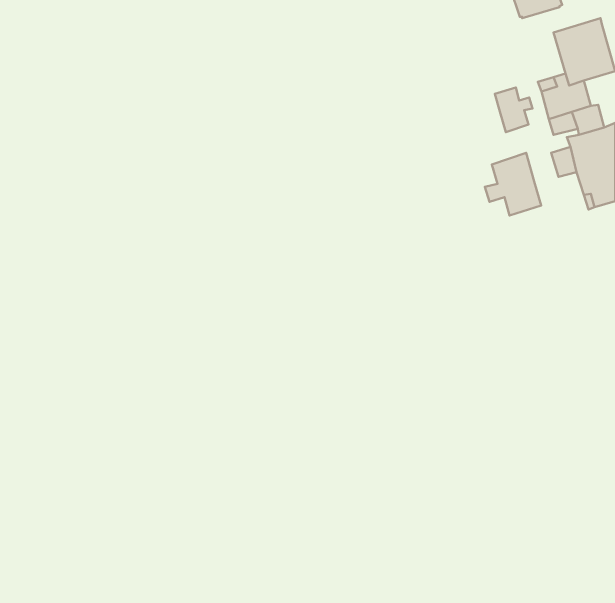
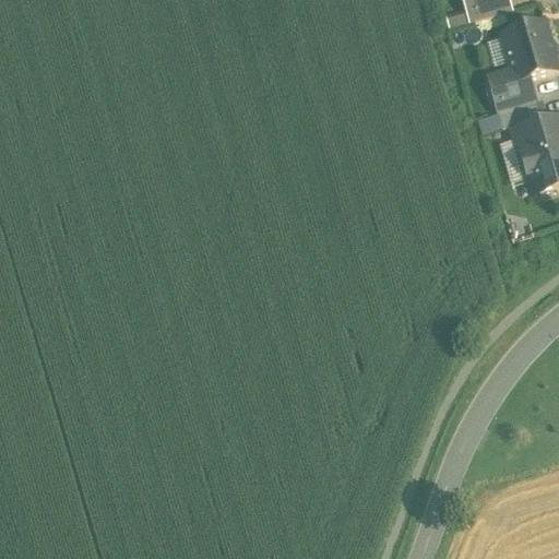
building: [495,87,533,132] -> none
building: [485,153,541,215] -> none

